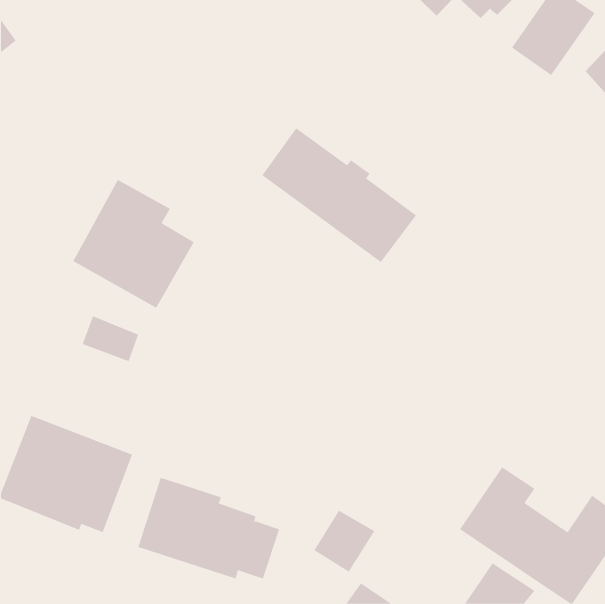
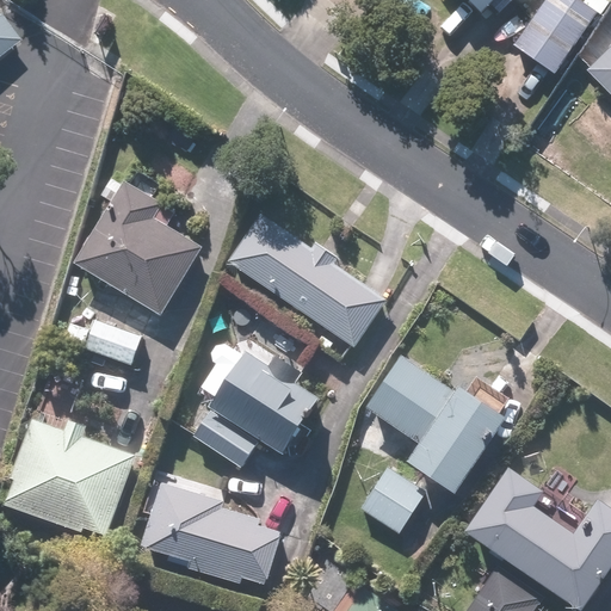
building: [261,128,417,263] -> [228,211,384,347]
building: none -> [193,352,317,462]
building: none -> [365,356,502,492]
building: [313,510,375,573] -> [364,468,426,531]

